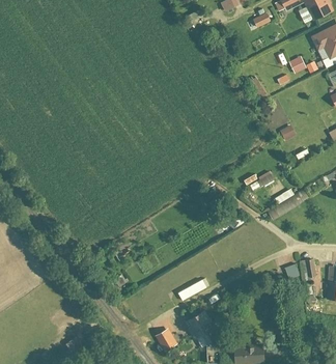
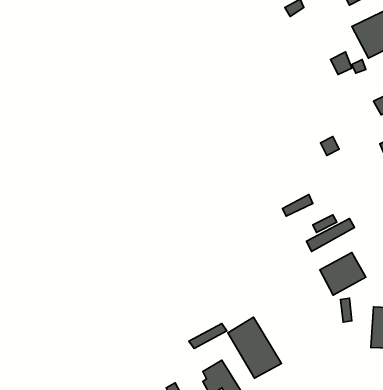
building: none -> [320,252,366,295]
building: none -> [228,317,281,378]

